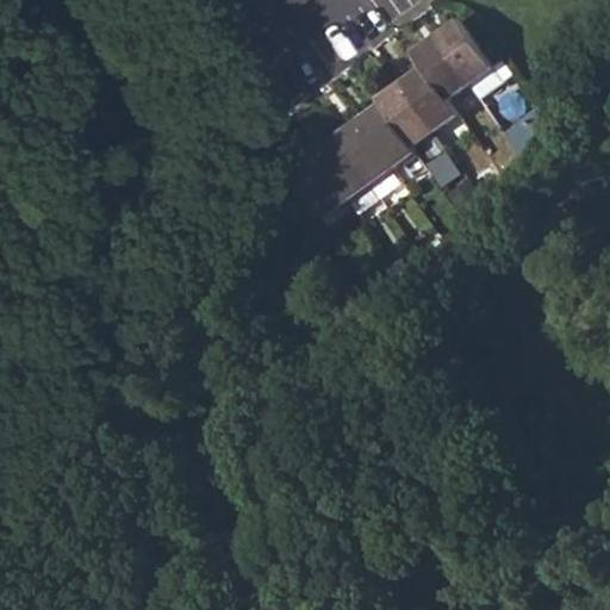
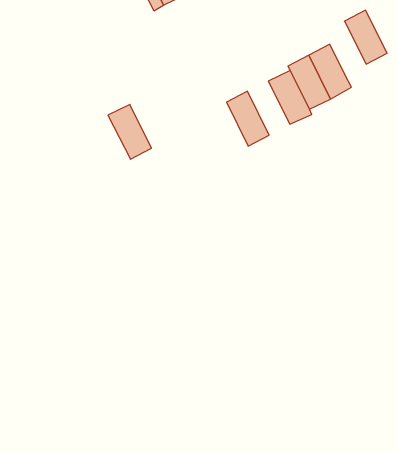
building: [411,35,467,98] -> none
building: [332,119,388,182] -> none
building: [286,151,343,216] -> [108,104,151,159]

